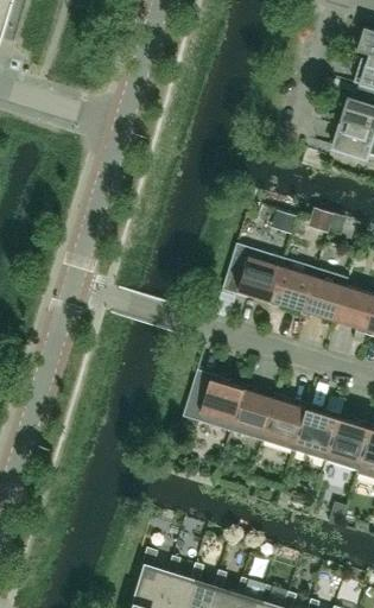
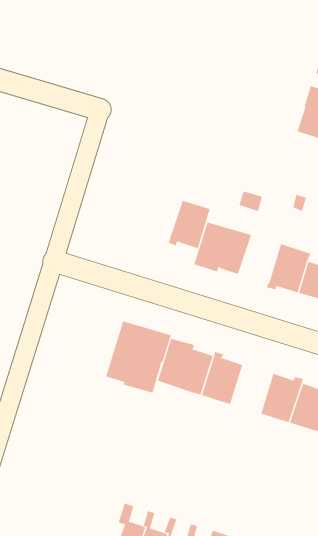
building: [271,258,317,310] -> [168,200,211,248]
building: none -> [106,321,171,393]
building: [264,393,309,451] -> none

